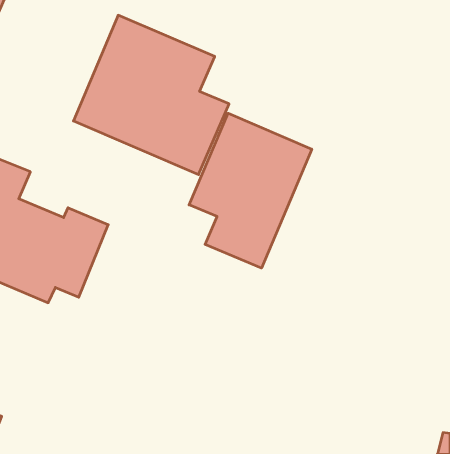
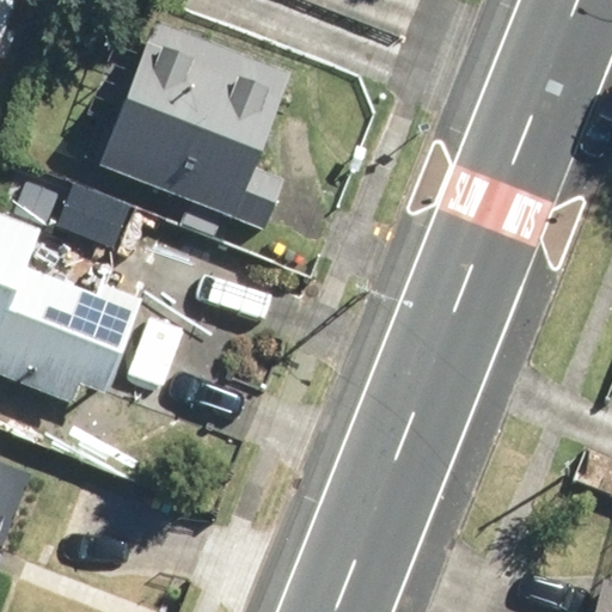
building: [189,113,312,268] -> none

